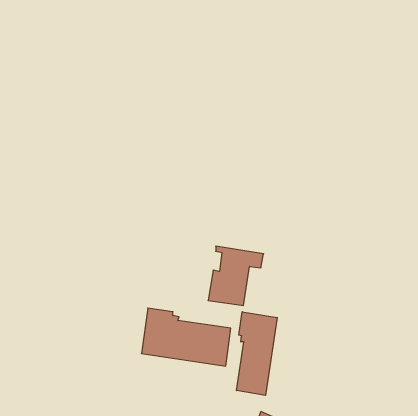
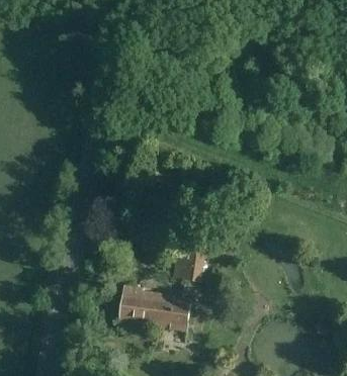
building: [236,312,277,395] -> none

